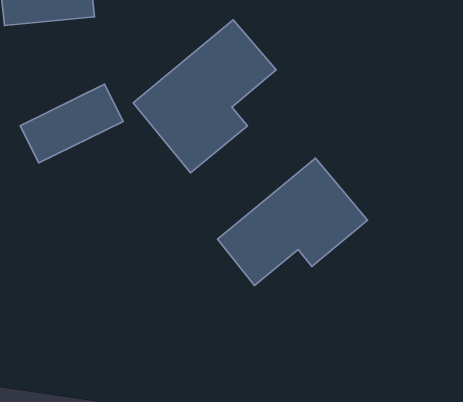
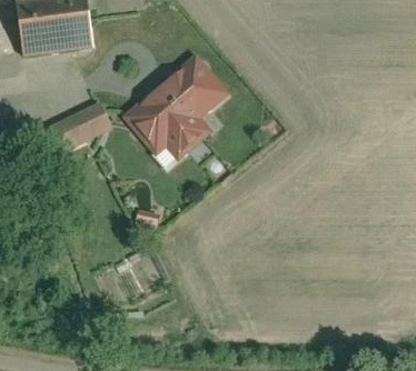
building: [218,158,368,285] -> none

